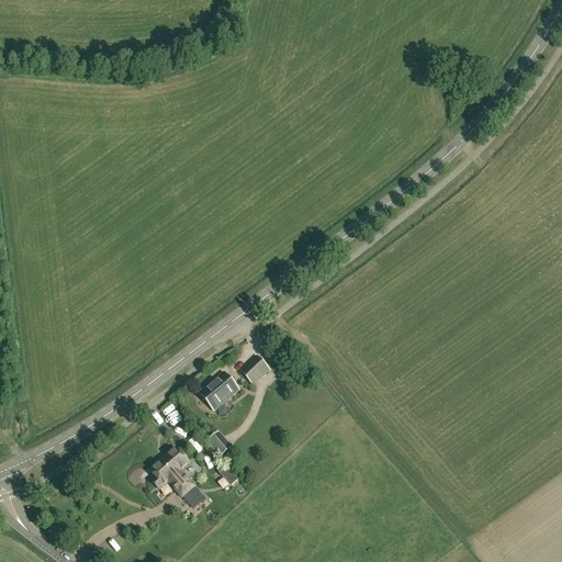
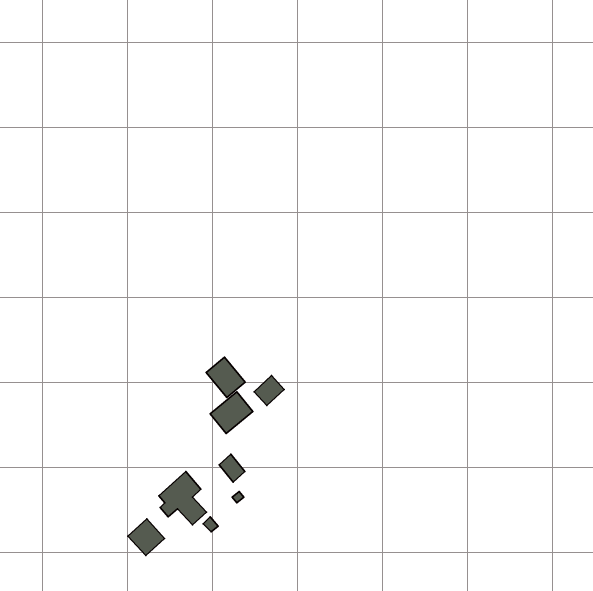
building: none -> [206,357,245,397]
building: none -> [128,519,165,556]

